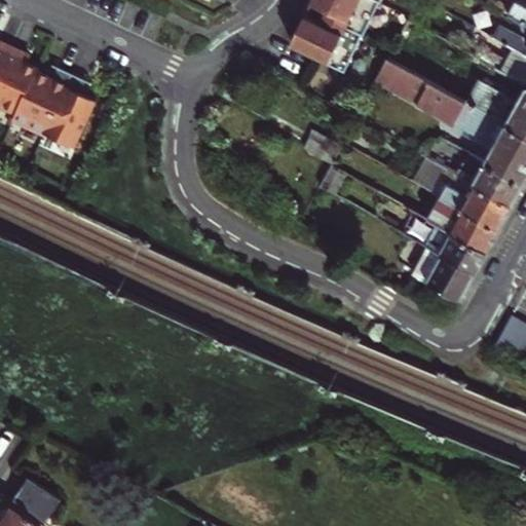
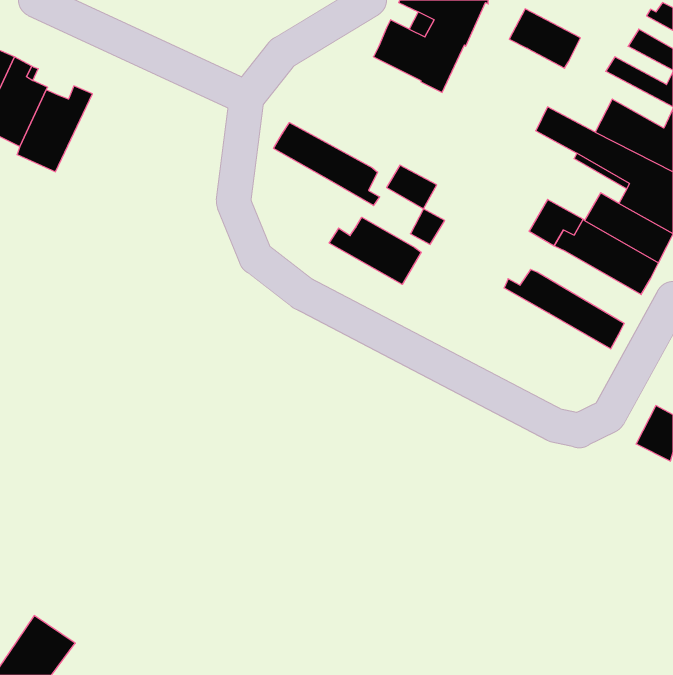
building: [371,61,426,107] -> [509,9,580,68]
building: [43,73,98,149] -> none
building: none -> [274,123,380,206]
building: none -> [329,217,421,284]
building: [418,195,499,252] -> none
building: [413,243,476,298] -> none

